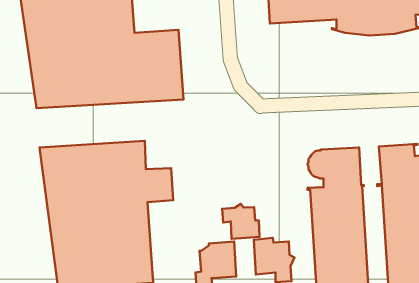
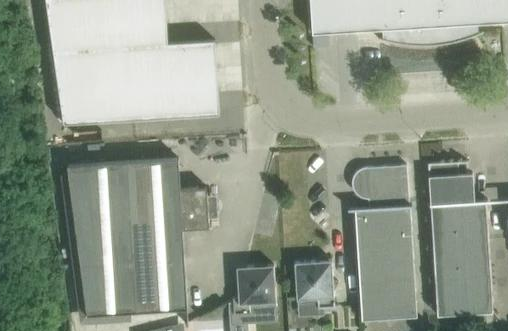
building: [222,204,259,239] -> none

